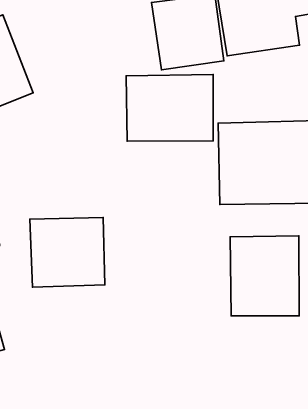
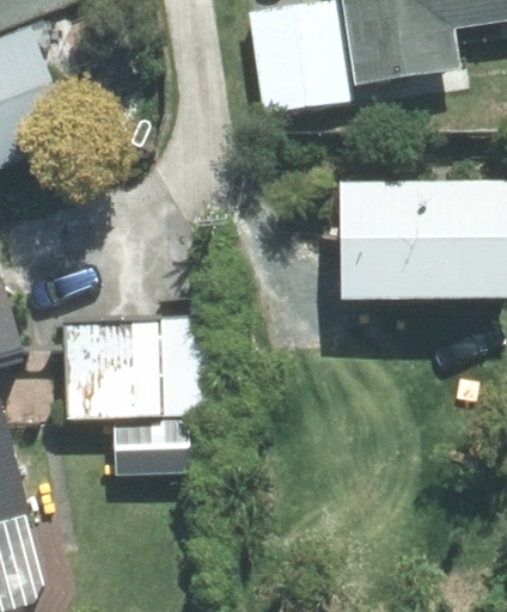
building: [126,75,213,141] -> none
building: [230,236,299,316] -> none

